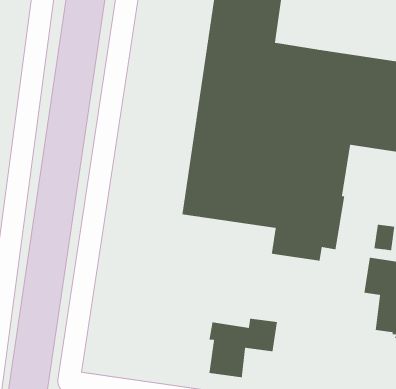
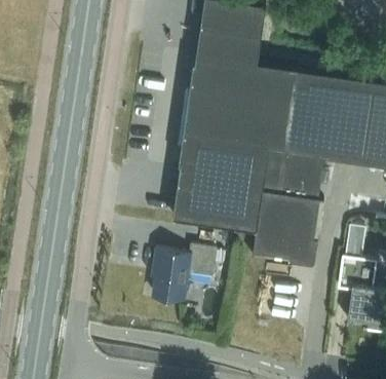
building: [208,318,278,378] -> [153,248,216,302]

